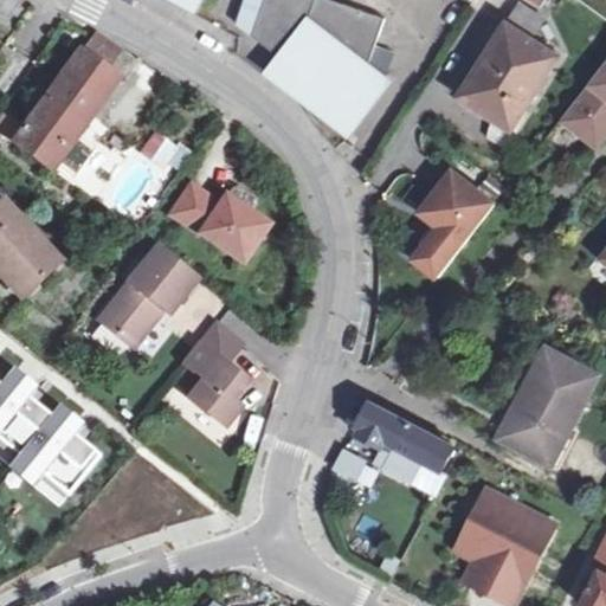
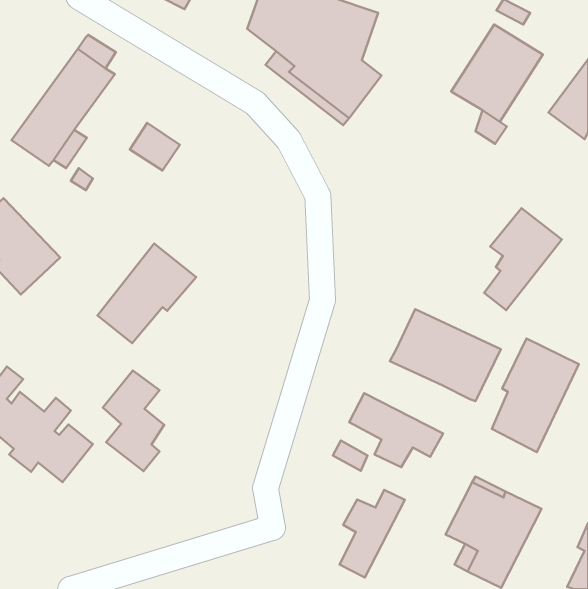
building: [414,169,494,273] -> [484,208,562,310]
building: [172,186,269,264] -> none
building: none -> [390,309,501,401]
building: [186,327,249,430] -> [103,370,164,471]
building: none -> [340,490,405,577]

